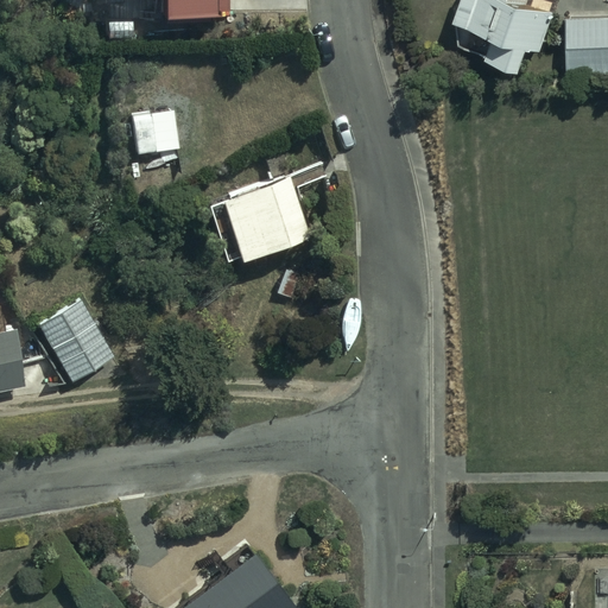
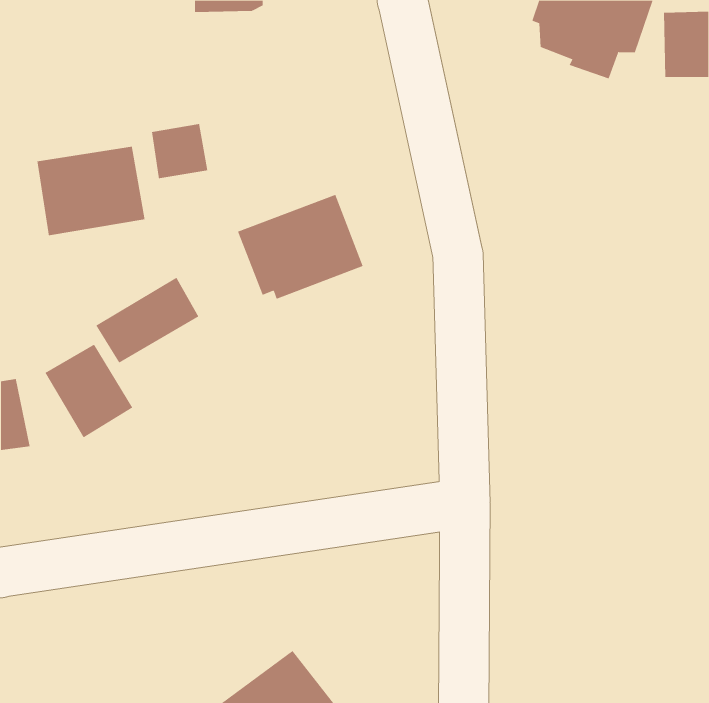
building: none -> [37,146,145,236]
building: none -> [96,277,199,364]

